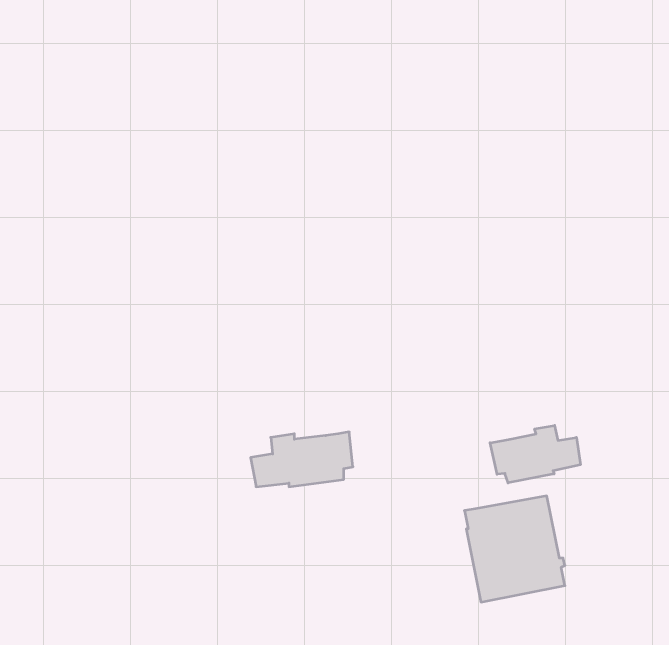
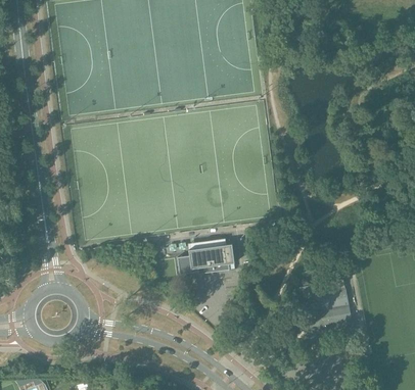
building: [490,425,580,483] -> none

